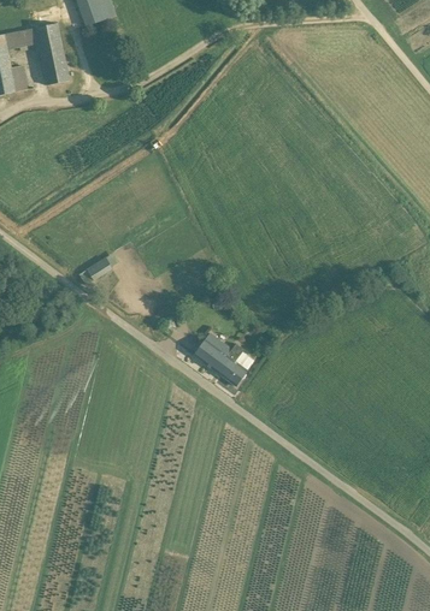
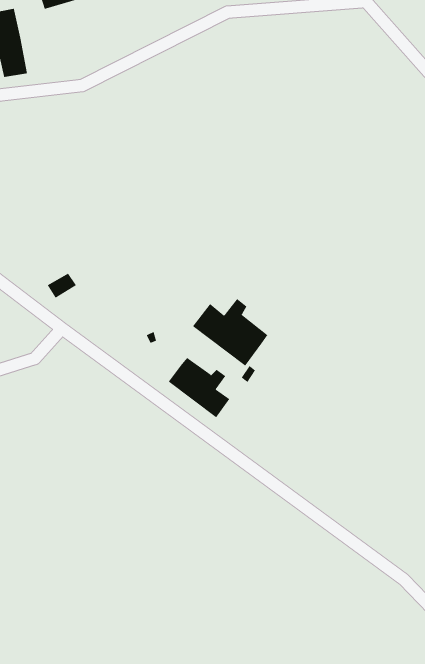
building: none -> [192,298,268,366]

